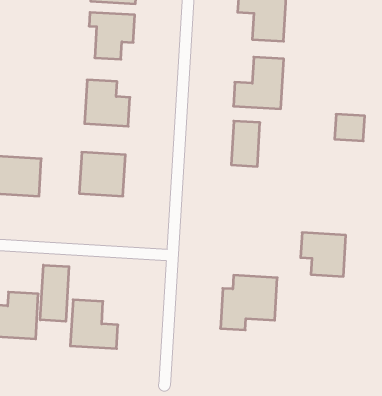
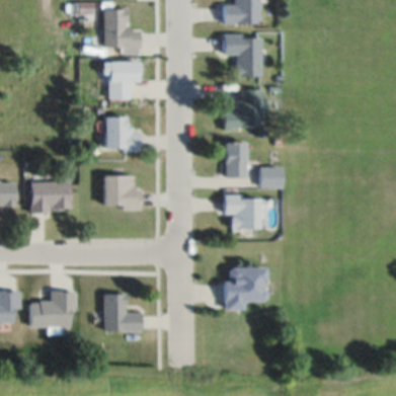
building: [335,114,365,141] -> [259,168,283,188]
building: [301,233,346,276] -> [225,195,260,229]
building: [40,265,69,321] -> none

